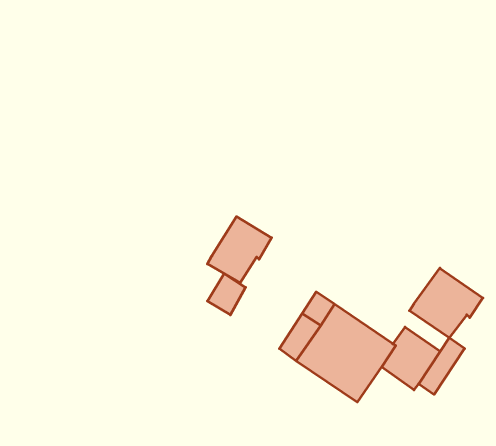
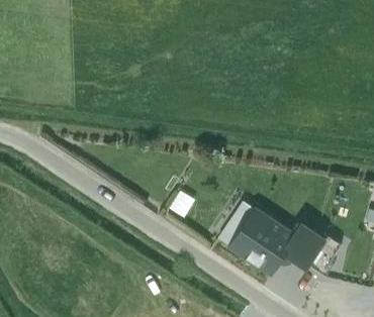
building: [207,217,272,283] -> none
building: [409,268,483,338] -> none

